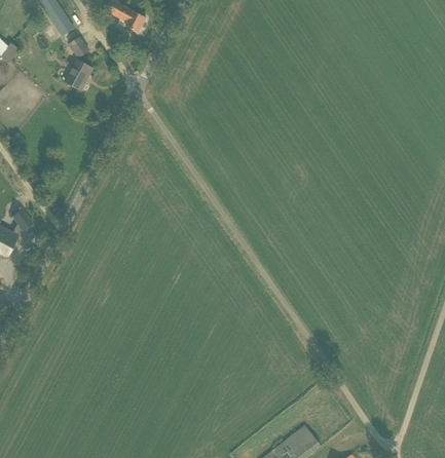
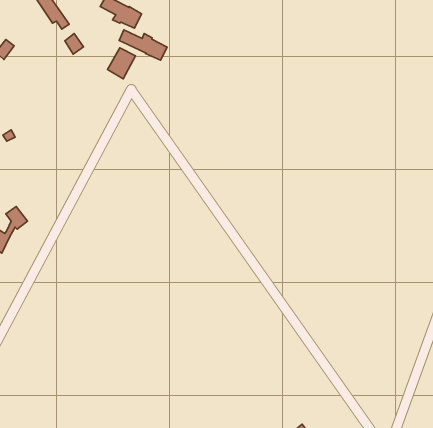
building: none -> [119,30,167,60]
building: [64,59,91,89] -> [107,48,135,79]

